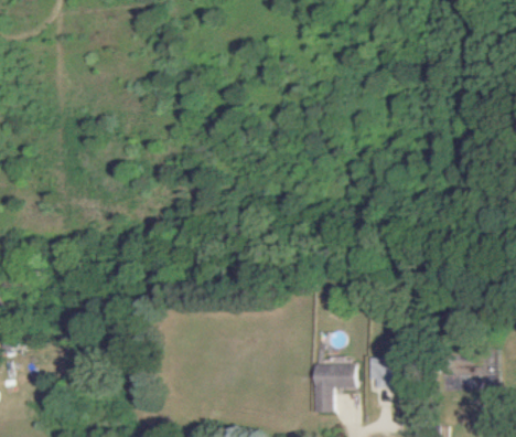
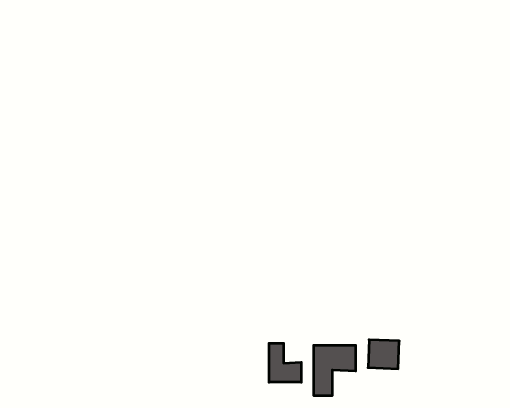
building: none -> [269,343,301,382]

